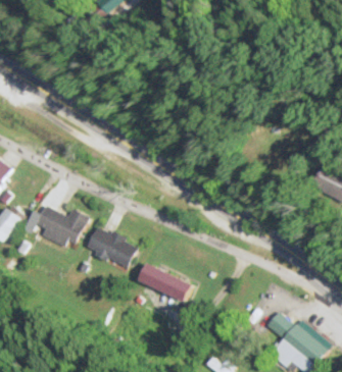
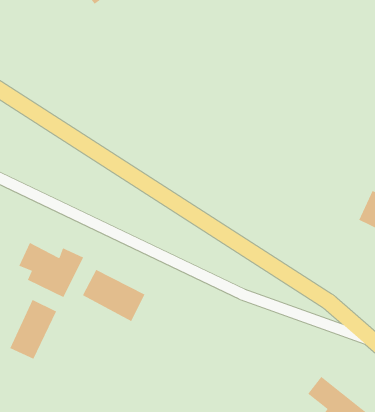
building: none -> [9,299,57,360]
building: [137,264,191,302] -> none

